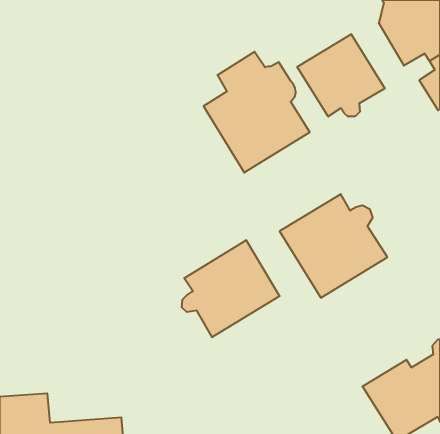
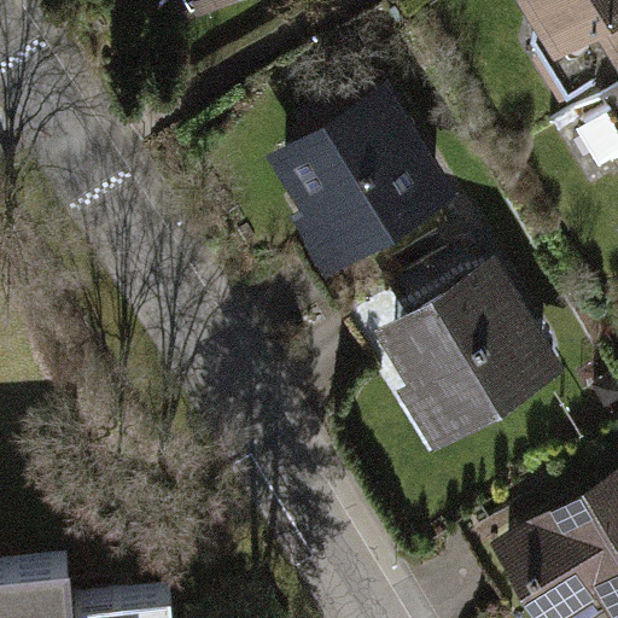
building: [297,34,385,117] -> none
building: [182,240,280,337] -> none

